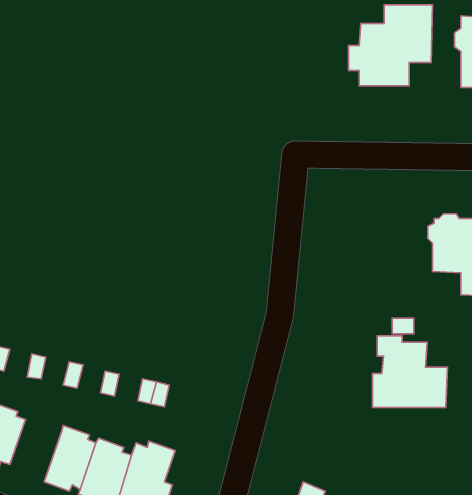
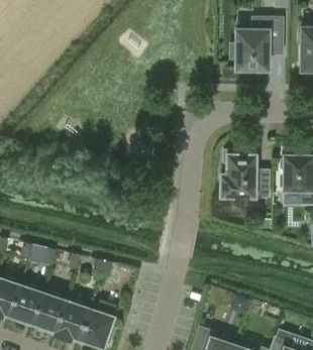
building: [373,336,447,408] -> [220,150,269,197]
building: none -> [8,282,42,324]

